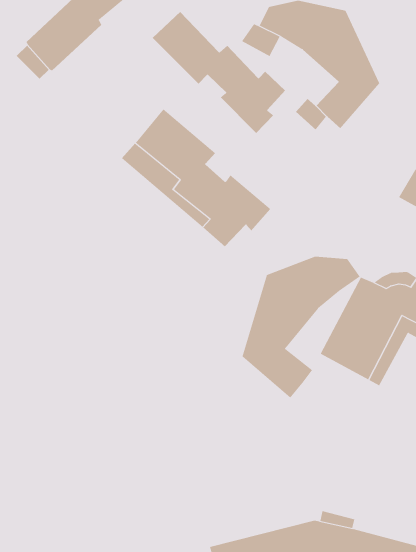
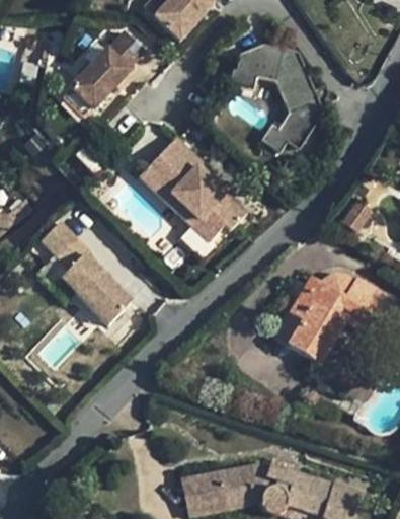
building: [152,11,286,134] -> none
building: none -> [45,227,132,330]
building: [242,256,360,399] -> none

